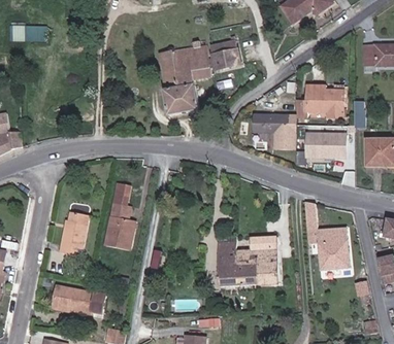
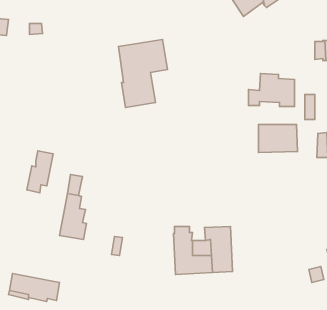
building: [207,40,237,70] -> none
building: [254,112,295,149] -> none
building: [305,201,351,270] -> none
building: [55,212,81,255] -> [27,151,53,193]

